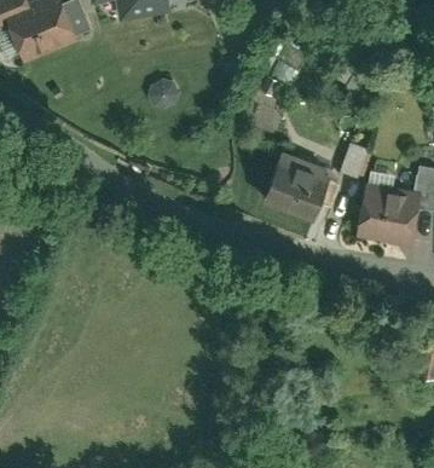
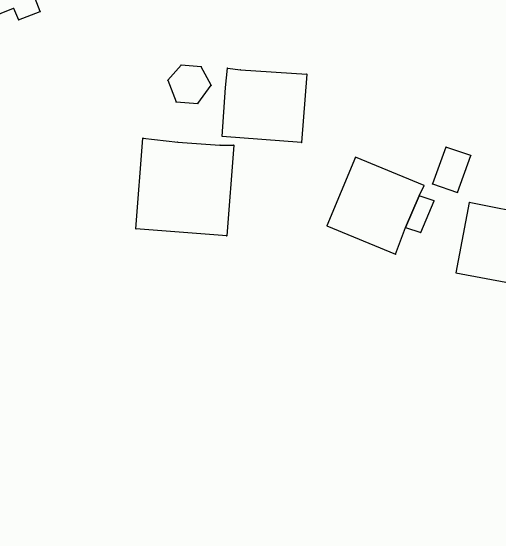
building: none -> [222,68,307,143]
building: none -> [136,138,234,236]

